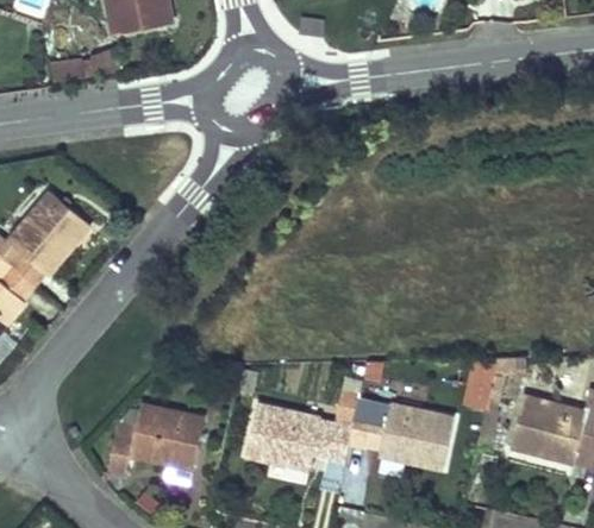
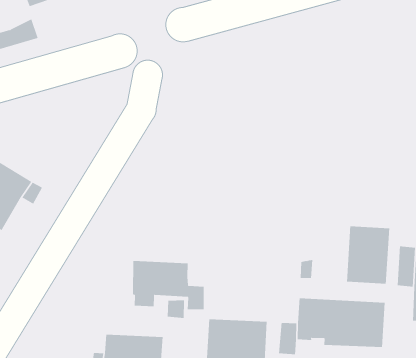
building: none -> [133,260,204,310]
building: none -> [347,225,390,284]

